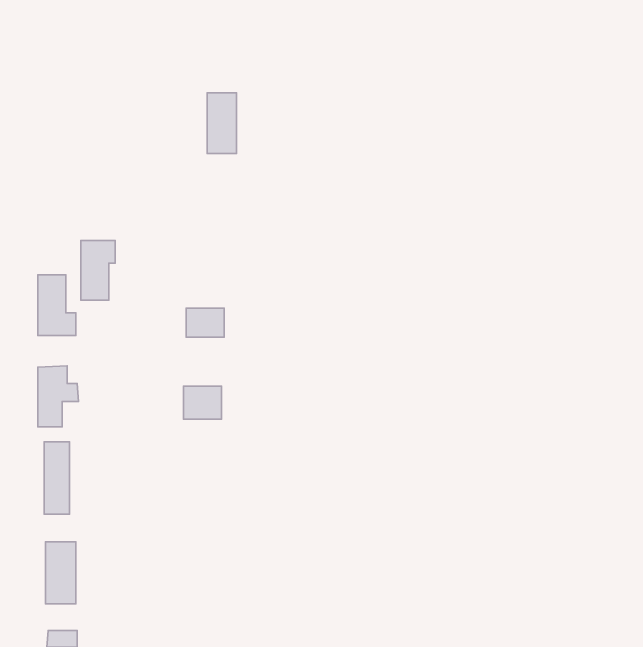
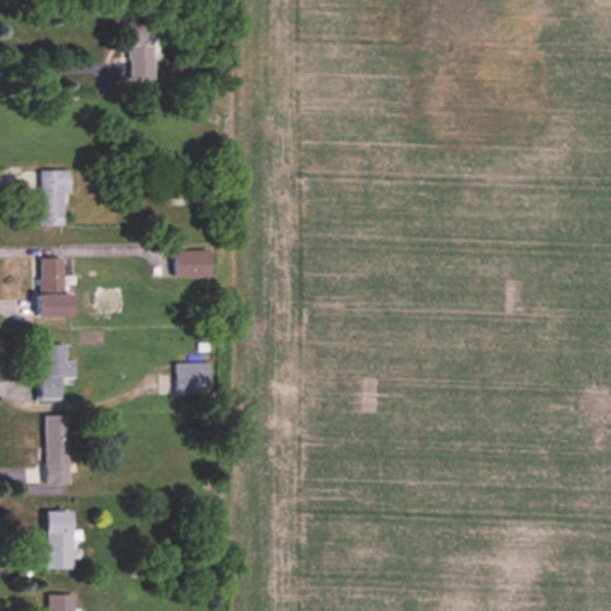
building: [207,93,236,153] -> [129,23,156,80]
building: [81,241,115,300] -> [39,171,72,227]
building: [186,308,224,337] -> [175,252,211,279]

